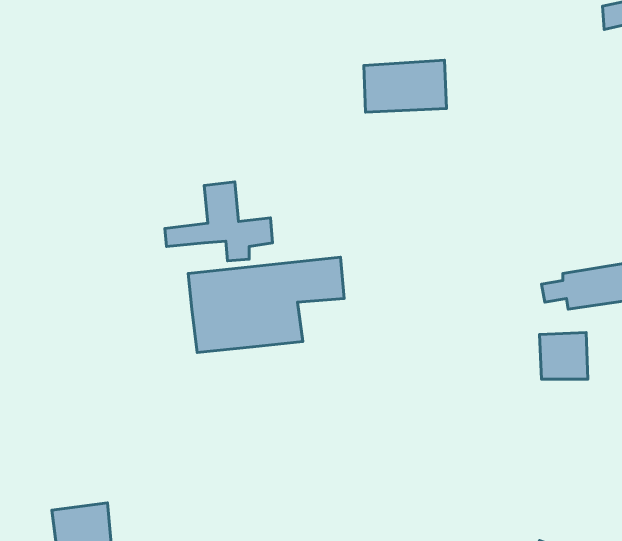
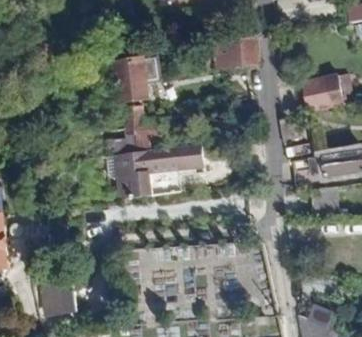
building: none -> [114,56,158,100]
building: none -> [303,73,344,109]

